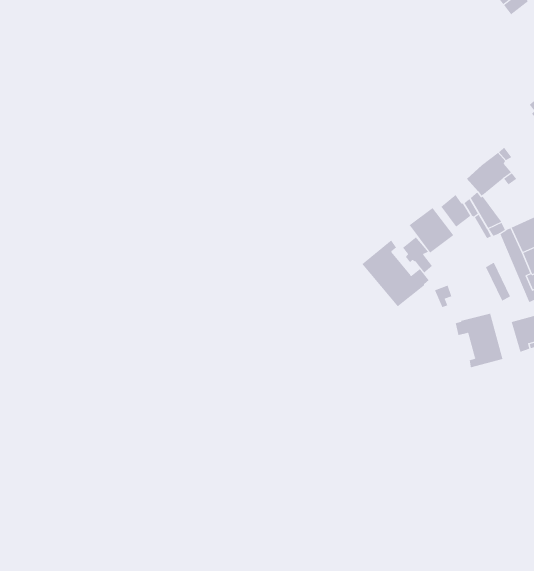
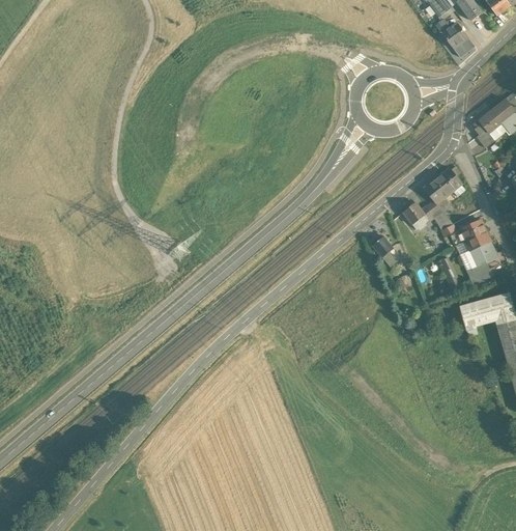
building: [409,207,454,253] -> none
building: [361,239,429,307] -> none
building: [455,313,503,368] -> none

